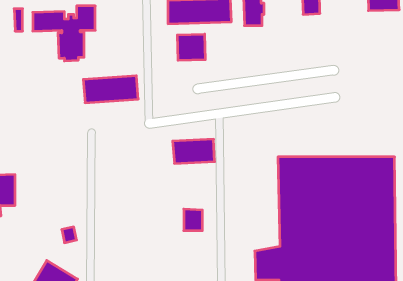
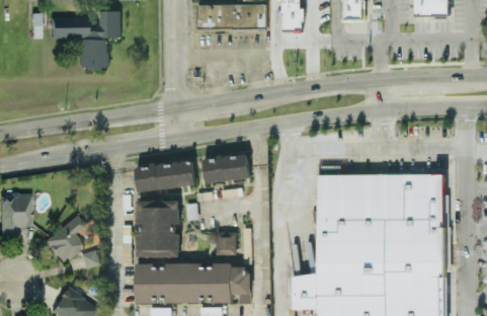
building: [177,34,205,60] -> none
building: [83,76,138,103] -> [135,161,194,190]
building: none -> [136,200,179,256]
building: none -> [45,216,91,262]
building: none -> [136,263,250,303]

